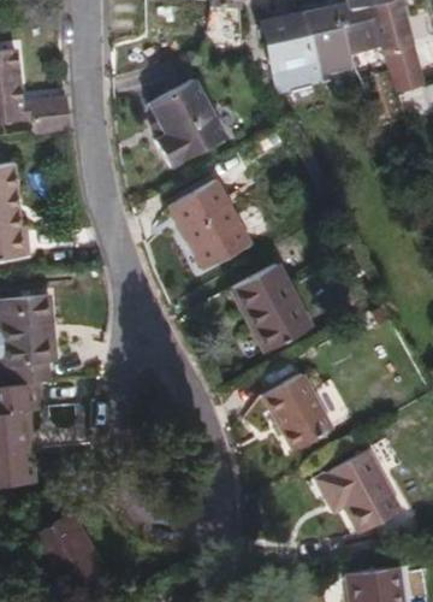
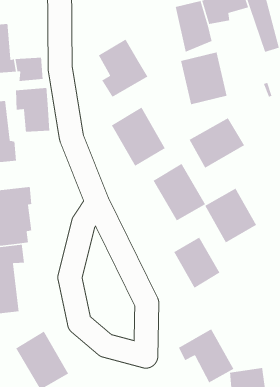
building: none -> [180,52,228,105]
building: none -> [15,87,50,132]
building: none -> [188,117,245,169]
building: none -> [204,187,257,243]
building: [315,445,401,529] -> [178,328,235,384]

